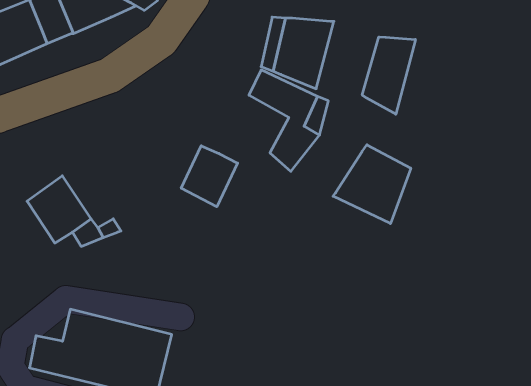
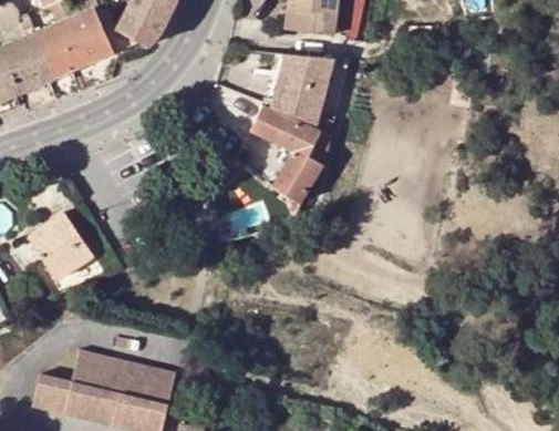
building: [362,37,415,114] -> none
building: [333,145,411,224] -> none
building: [181,146,238,207] -> none

